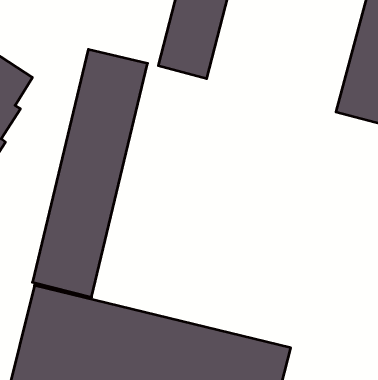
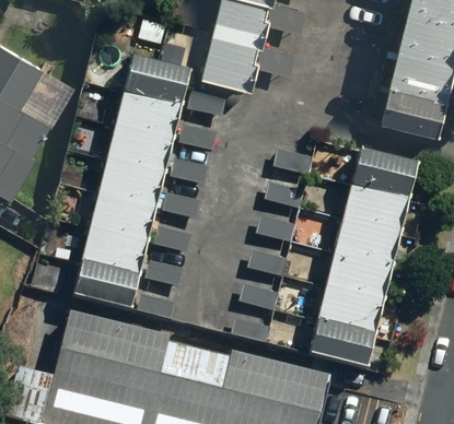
building: none -> [310,157,416,366]

